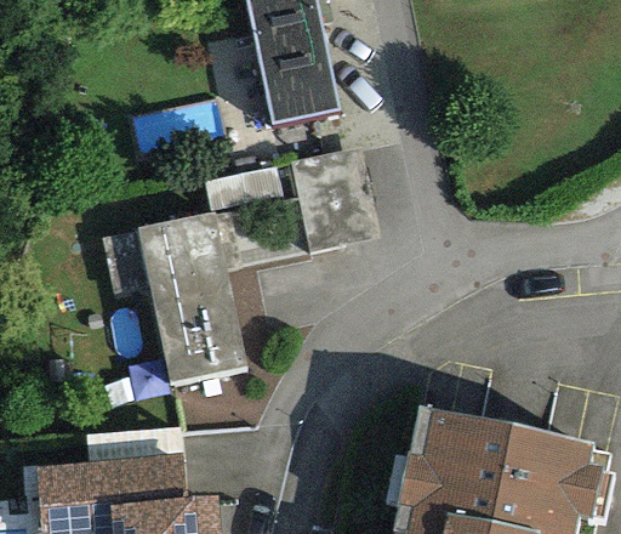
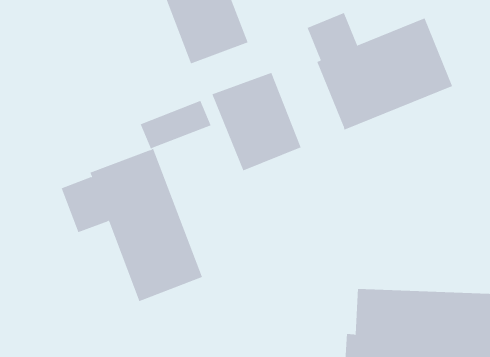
building: none -> [307,12,453,130]

